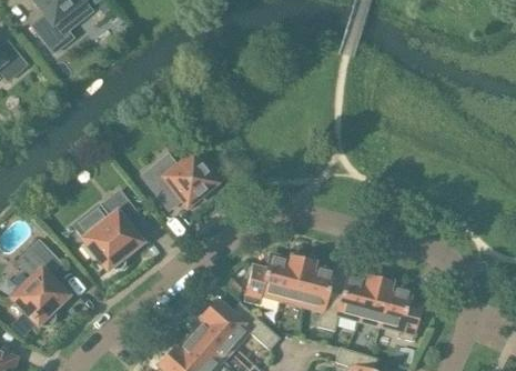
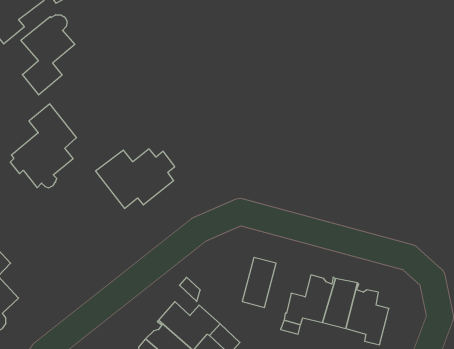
building: none -> [21,15,75,95]
building: [81,190,144,270] -> [10,104,77,188]
building: [244,253,292,304] -> none
building: [302,262,334,310] -> none

